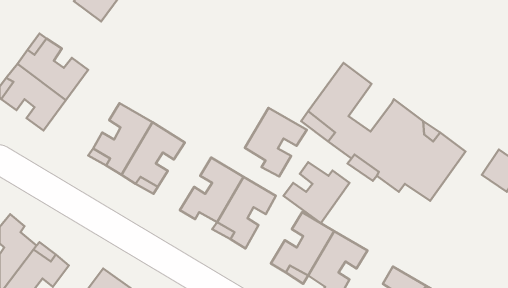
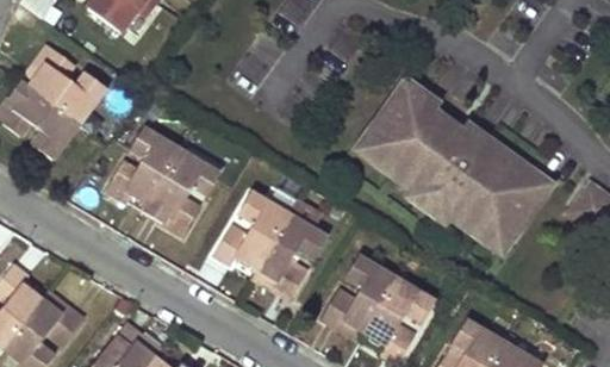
building: none -> [413,107,465,160]
building: [245,108,307,176] -> none
building: [284,162,350,223] -> none

